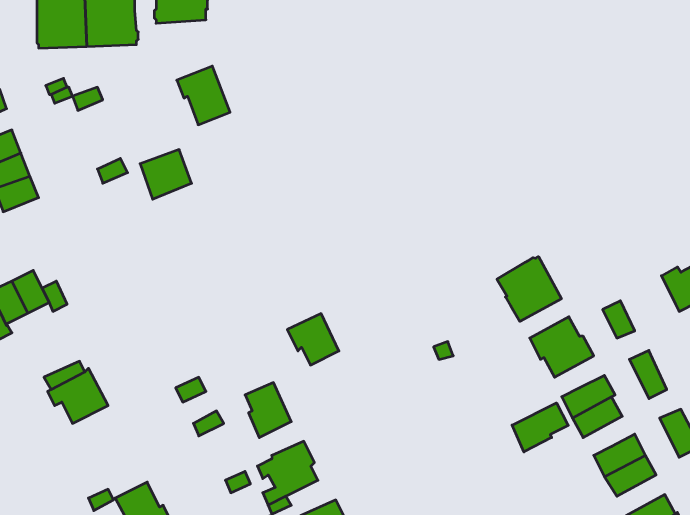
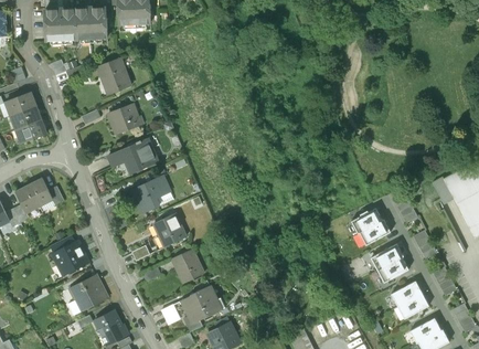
building: [177,66,230,125] -> [98,57,131,94]
building: none -> [108,139,156,172]
building: [497,257,561,321] -> none
building: none -> [130,174,169,214]
building: [287,314,339,365] -> [152,213,184,245]
building: [512,403,568,452] -> none
building: none -> [67,275,106,315]

